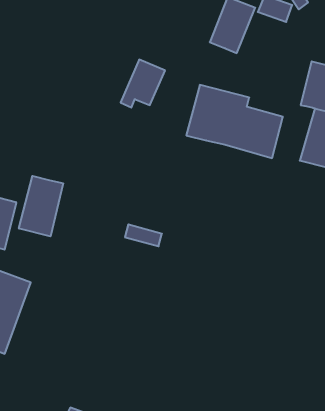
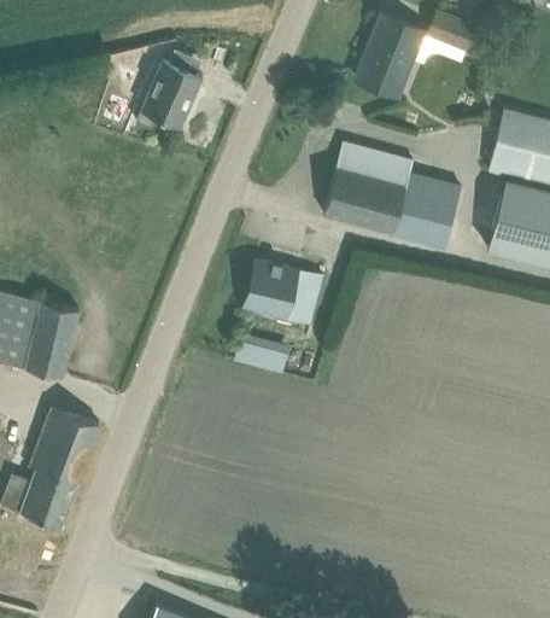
building: [121,60,165,108] -> [138,62,201,130]
building: none -> [242,258,323,325]
building: [19,176,63,236] -> none

